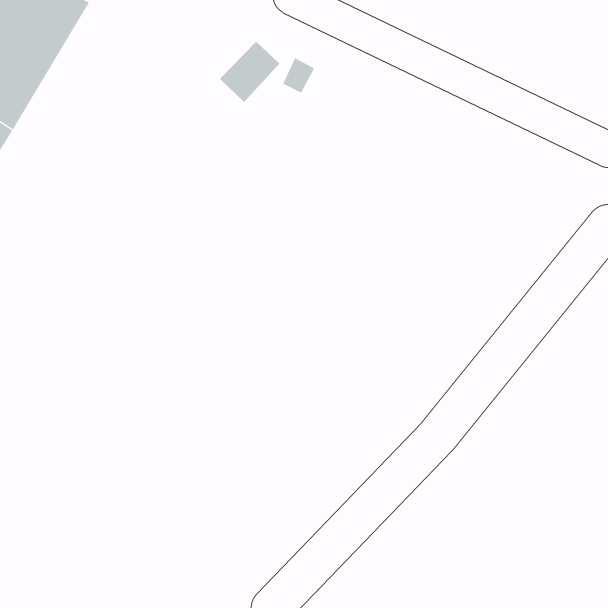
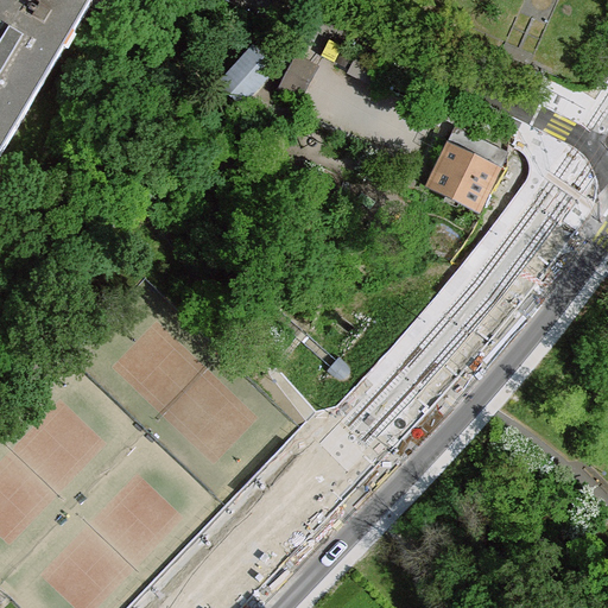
building: none -> [426,144,495,209]

